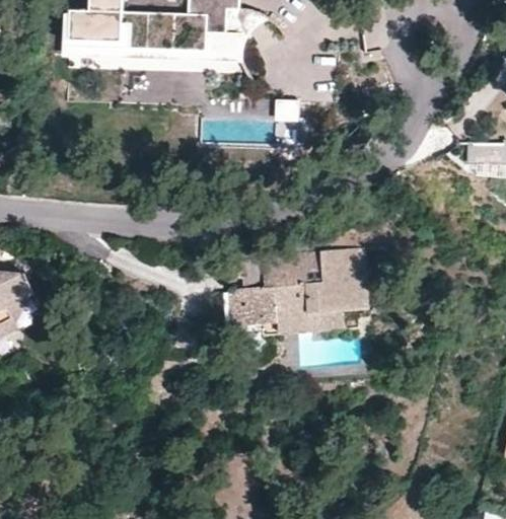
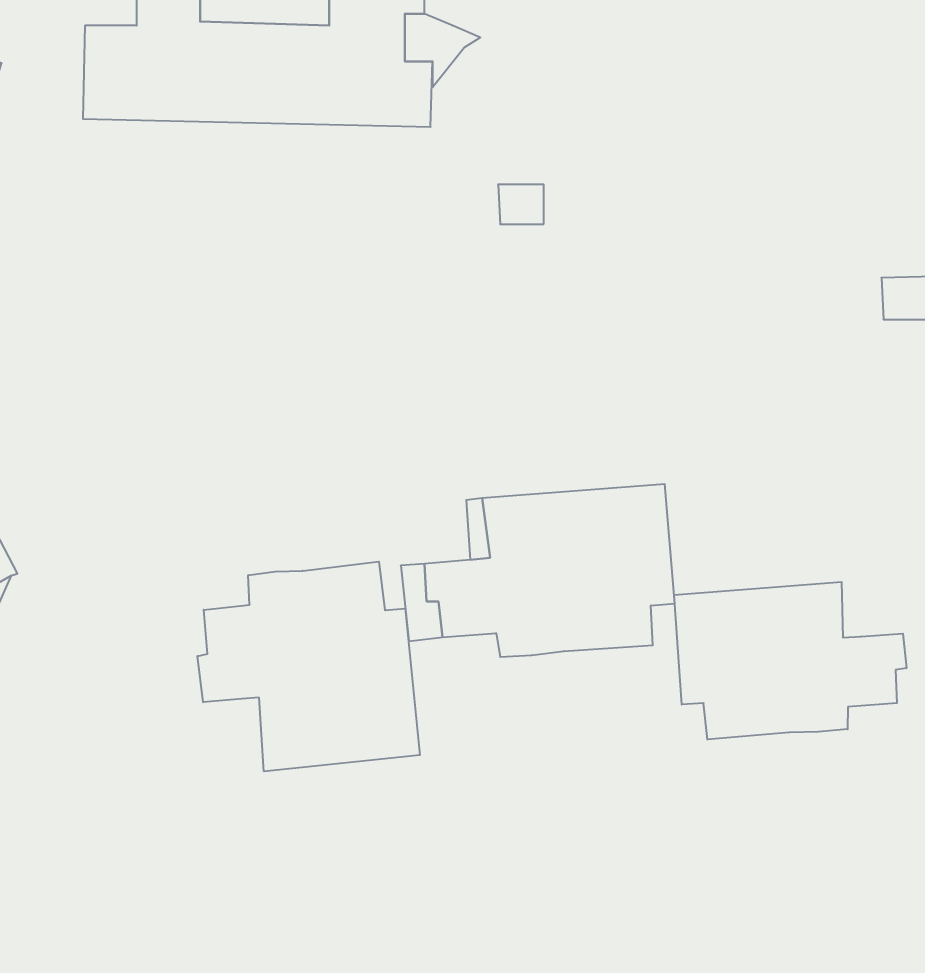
building: none -> [197,562,420,771]
building: none -> [674,582,906,740]

